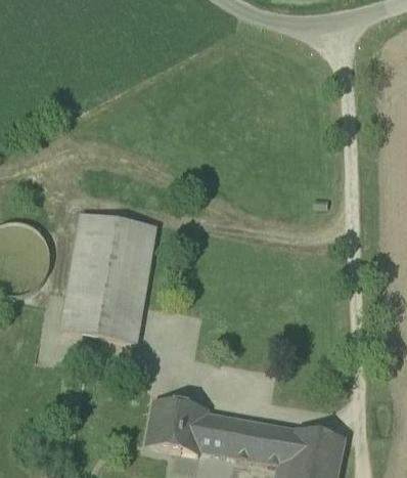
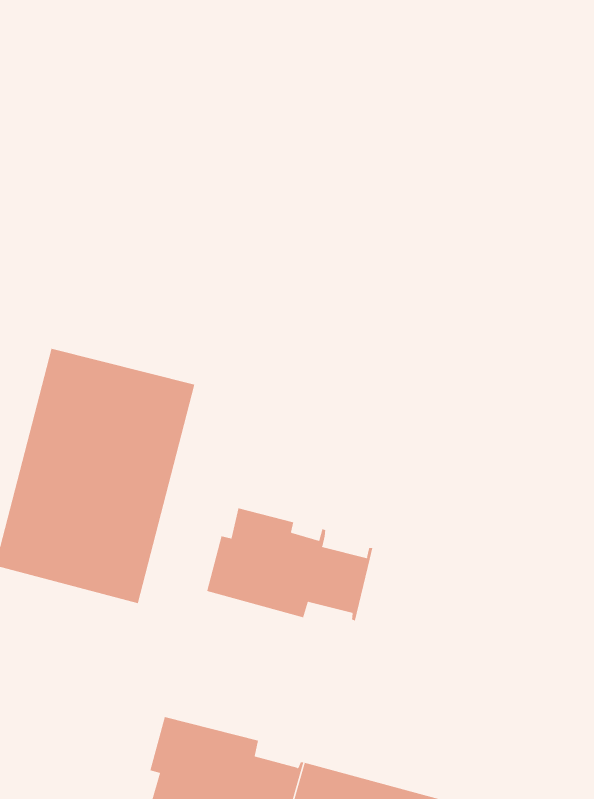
building: none -> [207,508,373,622]

